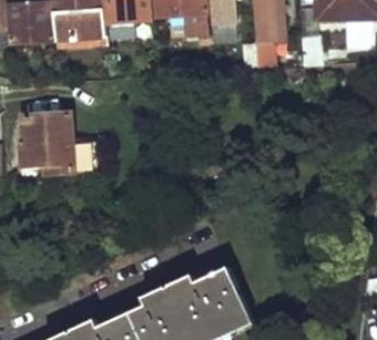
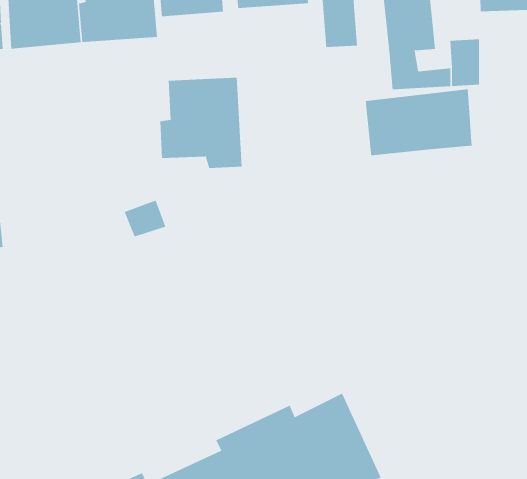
building: none -> [365,89,472,156]
building: [21,113,75,173] -> [160,77,243,169]

